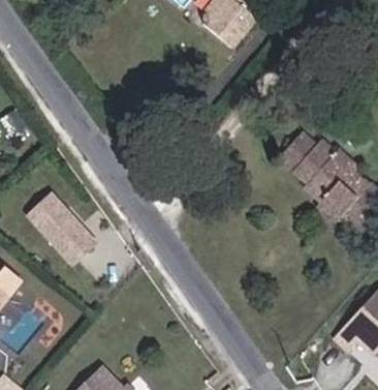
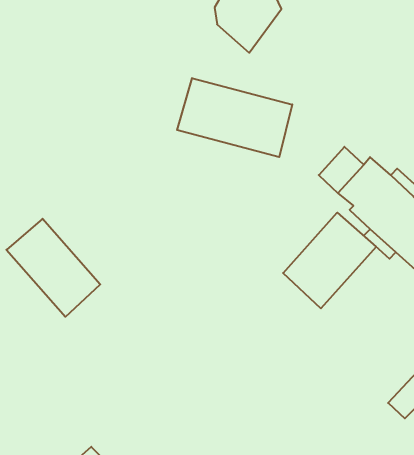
building: none -> [177,78,292,157]
building: none -> [283,213,376,308]

